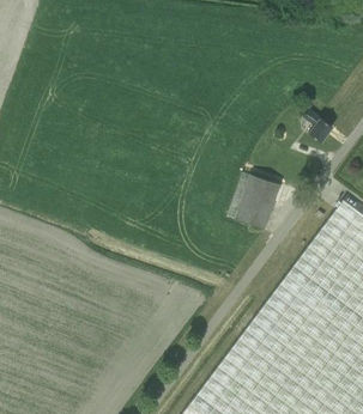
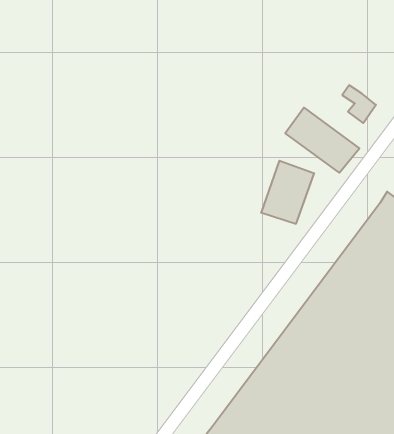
building: none -> [285,108,359,173]

